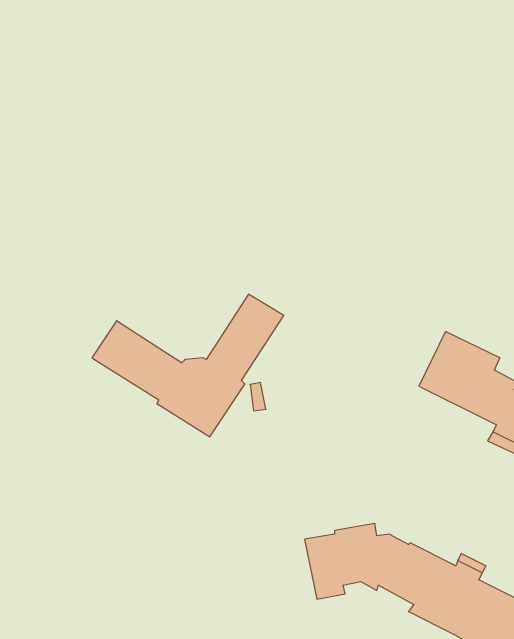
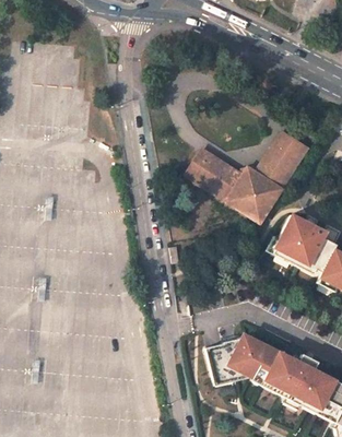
building: [92,294,284,437] -> [187,133,306,222]

